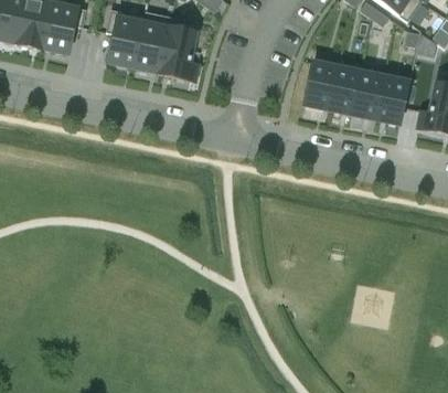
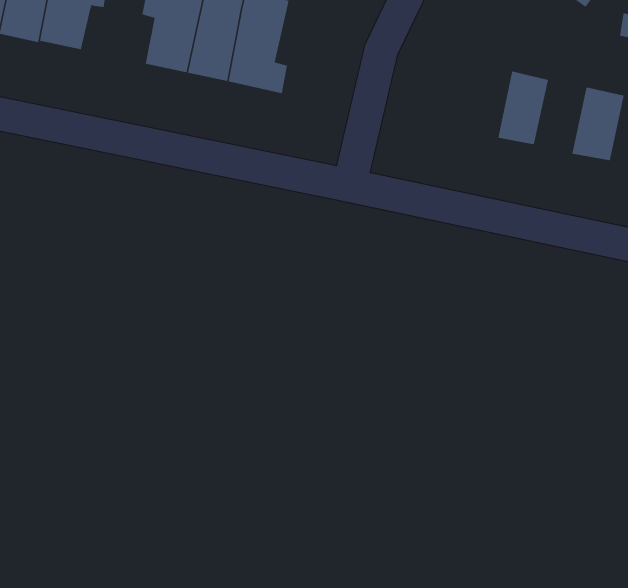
building: [303,62,337,108] -> none
building: [351,72,383,118] -> none

